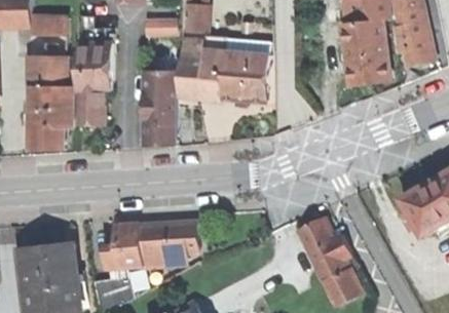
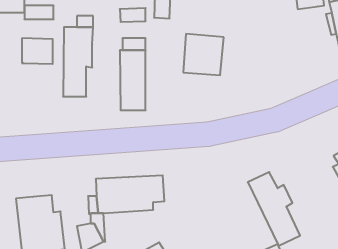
building: [343,18,388,84] -> none
building: [178,38,225,97] -> none
building: [29,86,74,149] -> none

